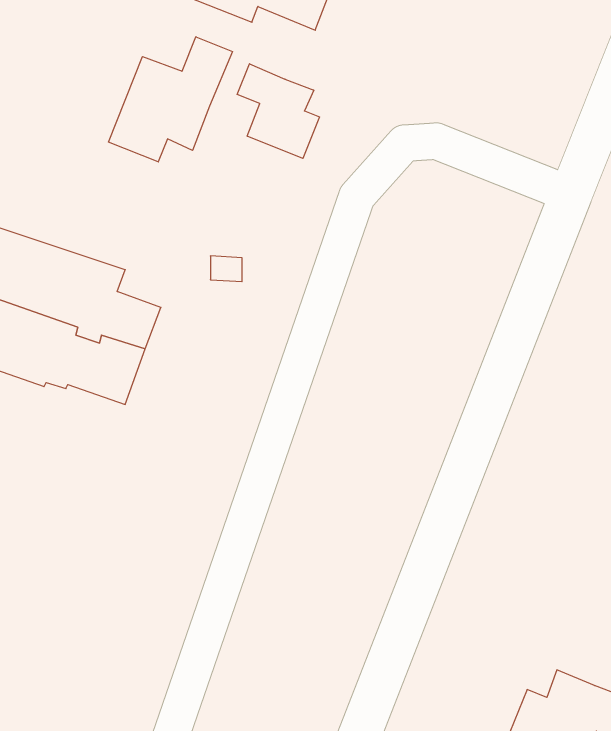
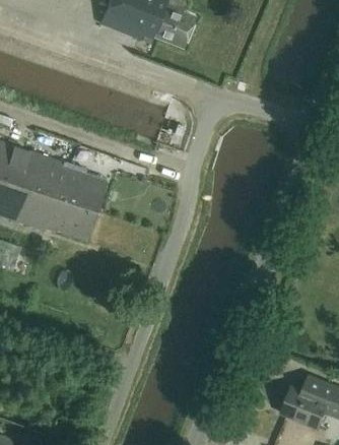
building: [108,37,233,162] -> none
building: [237,64,319,158] -> none

